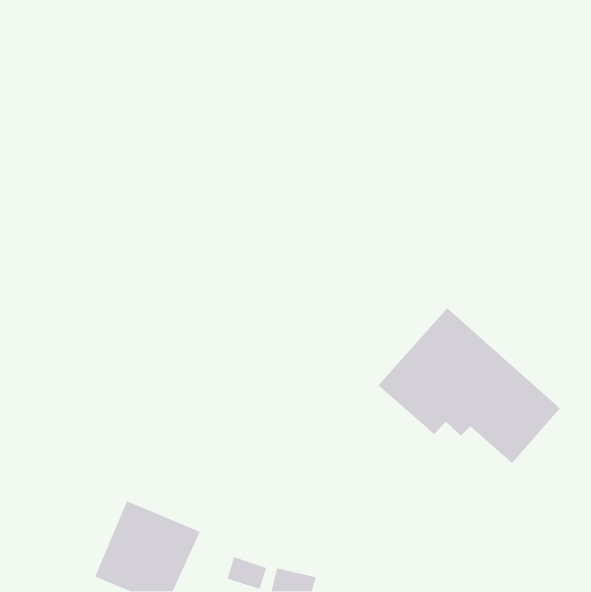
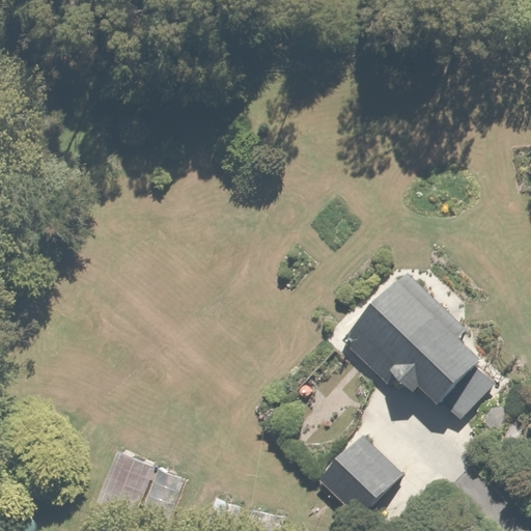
building: none -> [318,436,401,518]

